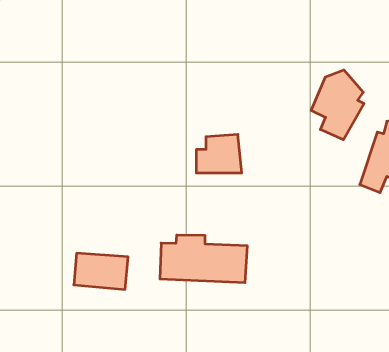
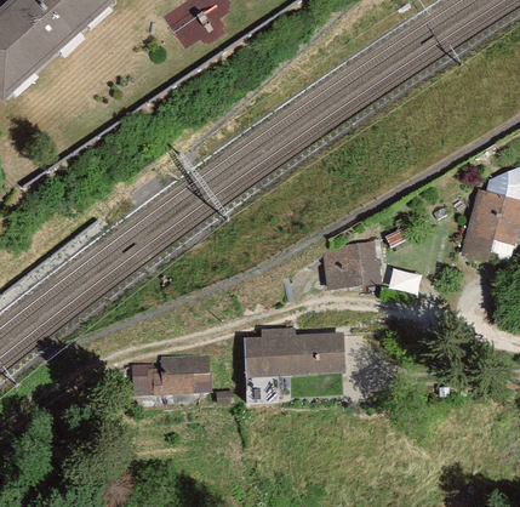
building: [311,70,364,140] -> none
building: [196,134,242,173] -> [325,238,379,286]

